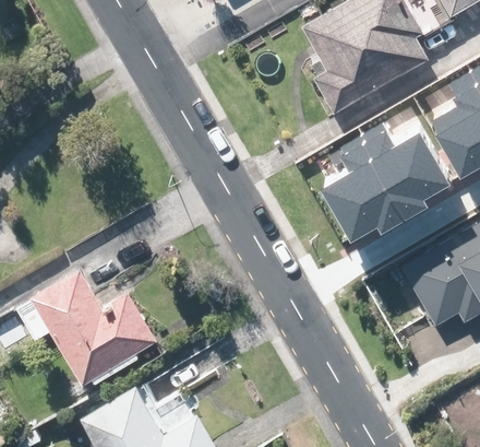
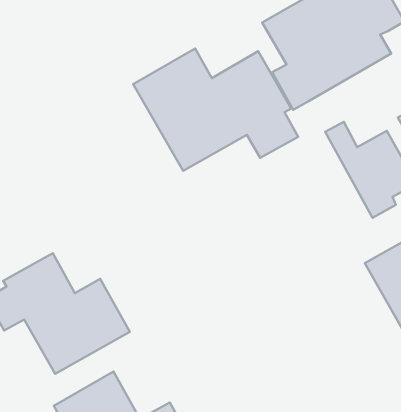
building: none -> [133,49,298,171]
building: [325,138,407,243] -> none

